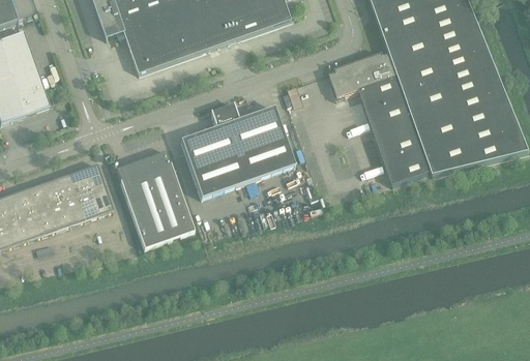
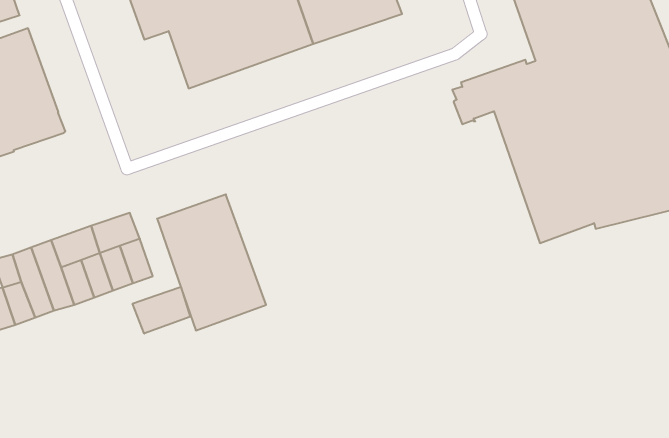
building: [179,106,294,198] -> none
building: none -> [133,287,190,334]

